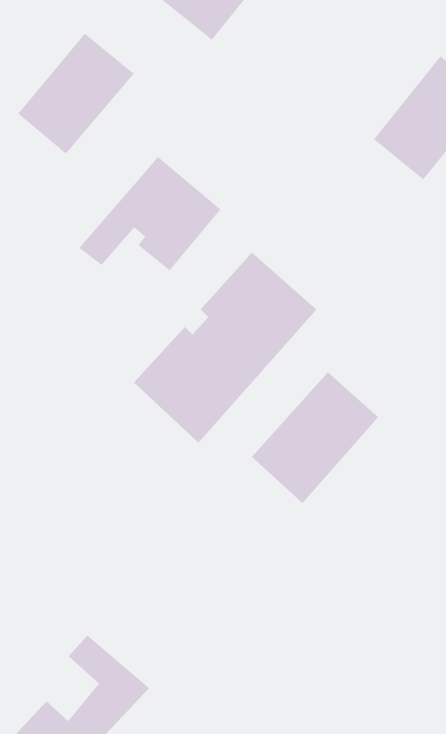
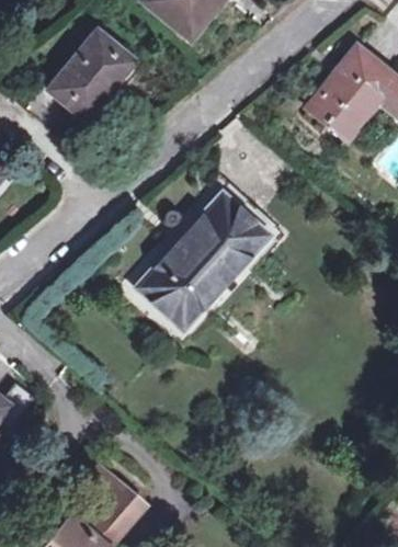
building: [79,156,221,271] -> none
building: [251,372,379,504] -> none

